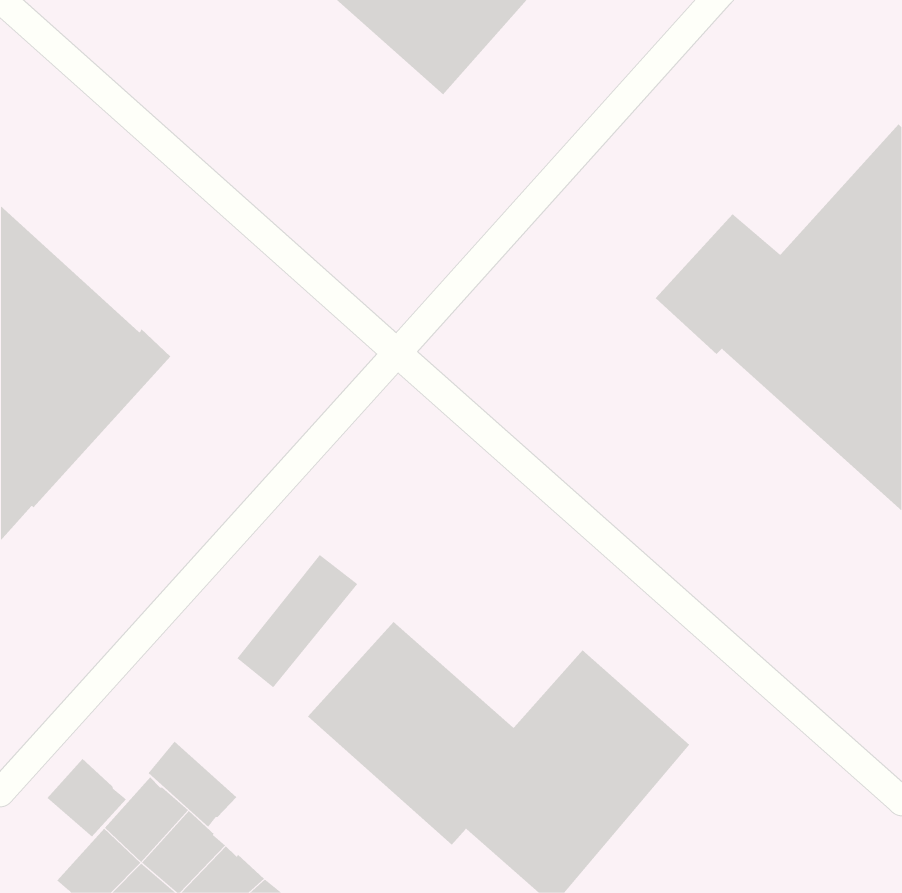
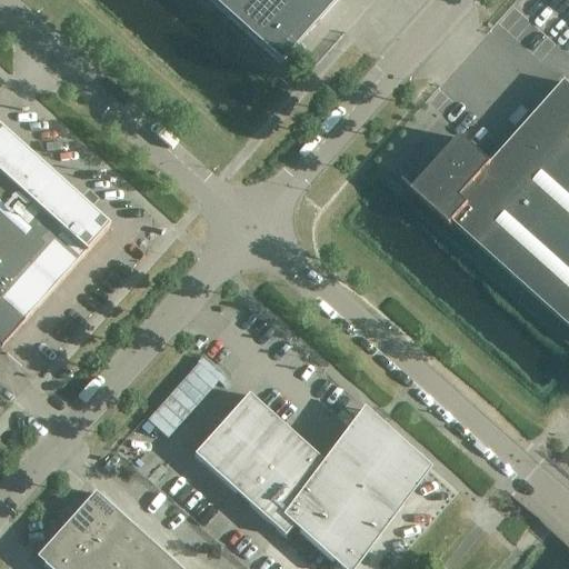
building: [148,741,237,828] -> none
building: [46,758,127,838] -> none

